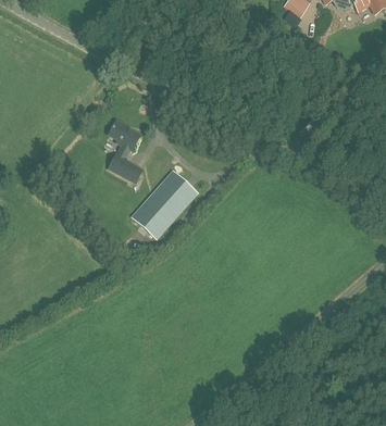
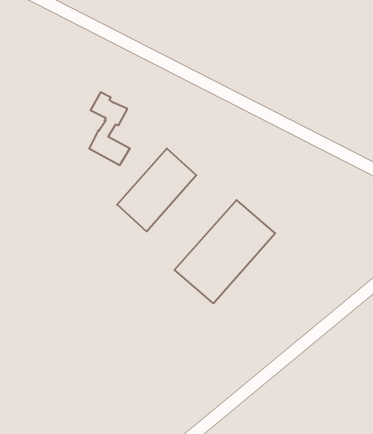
building: none -> [174,200,275,303]

